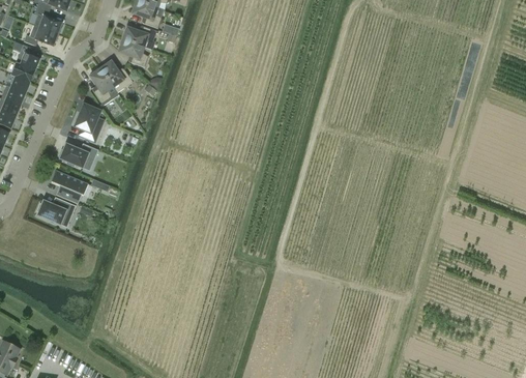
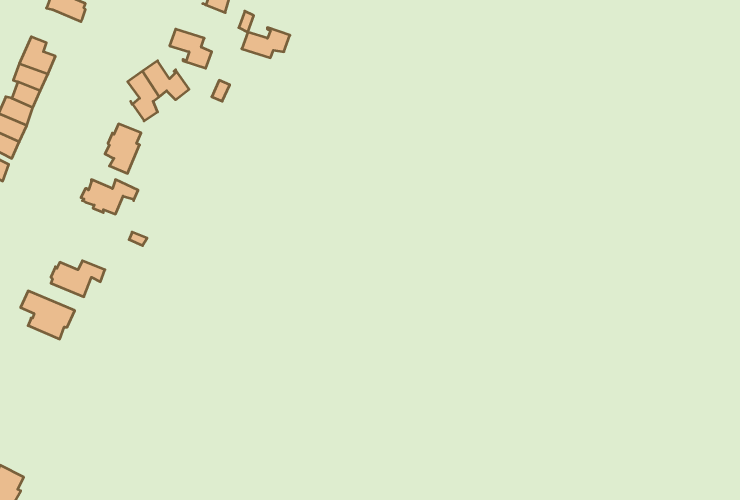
building: [24,25,58,46] -> none
building: [123,25,156,46] -> [242,28,290,58]
building: [51,170,88,203] -> [21,291,75,339]

